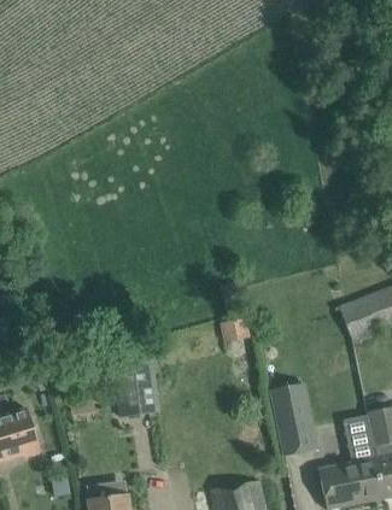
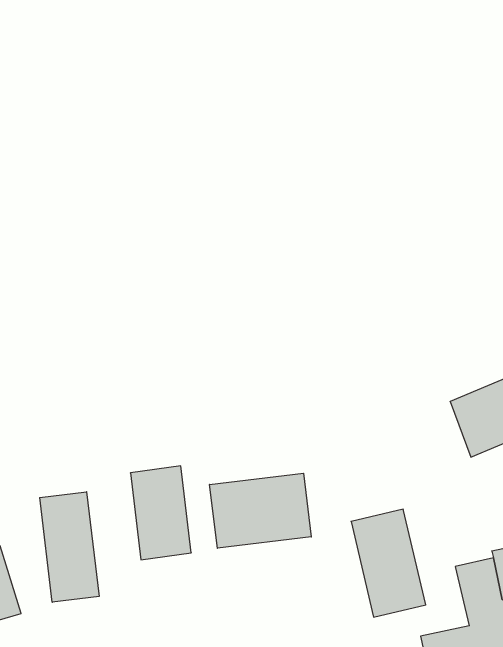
building: none -> [210,473,311,548]
building: none -> [40,492,99,602]

